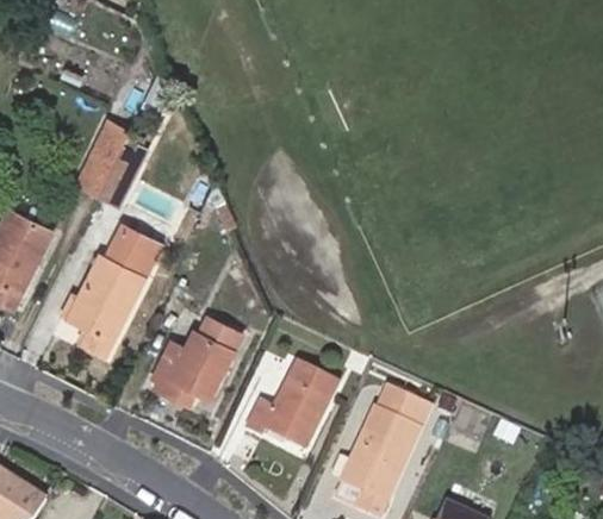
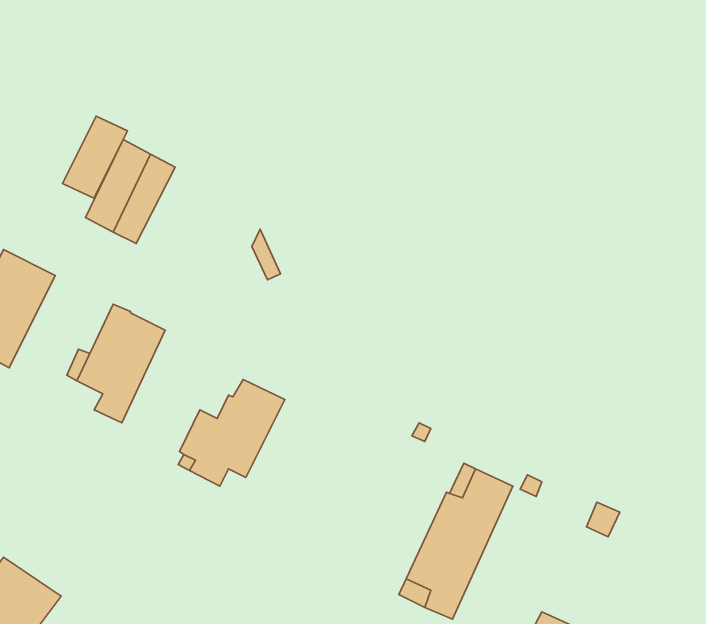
building: none -> [62,116,128,198]
building: [113,232,157,276] -> none
building: [247,362,336,444] -> none

